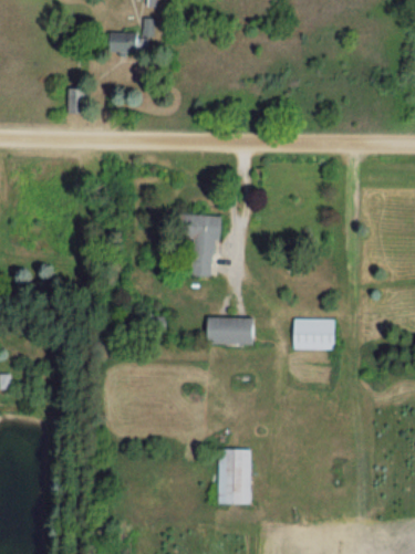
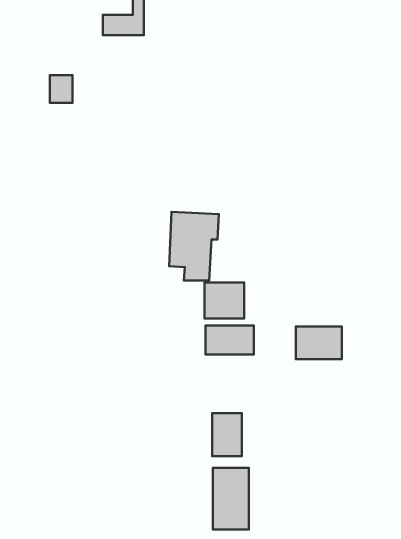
building: none -> [205,282,244,319]
building: none -> [212,413,242,456]

